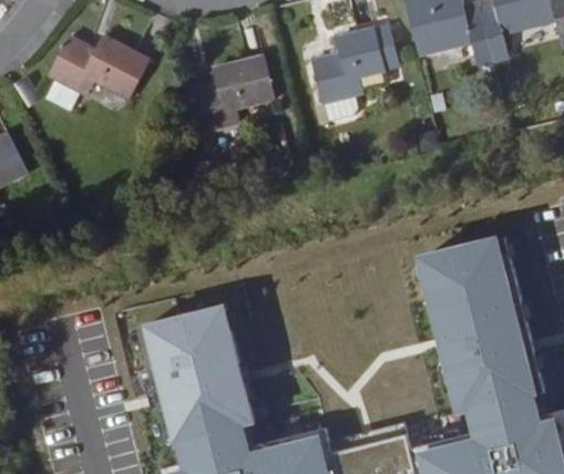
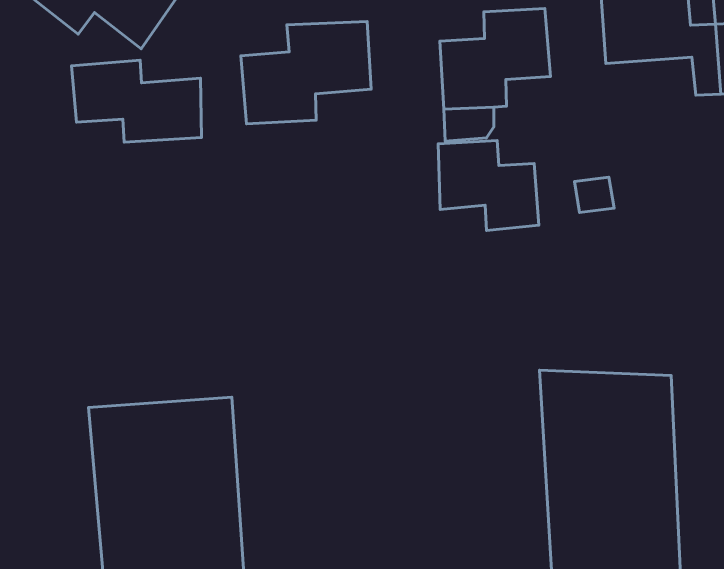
building: none -> [72,60,201,142]
building: none -> [438,140,539,230]

